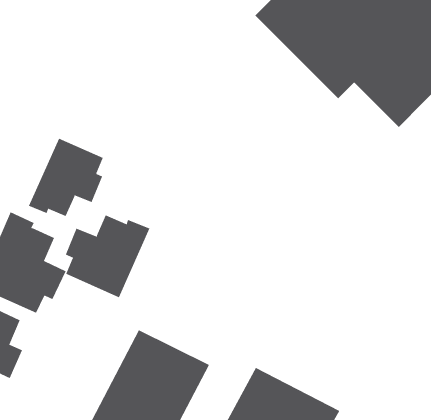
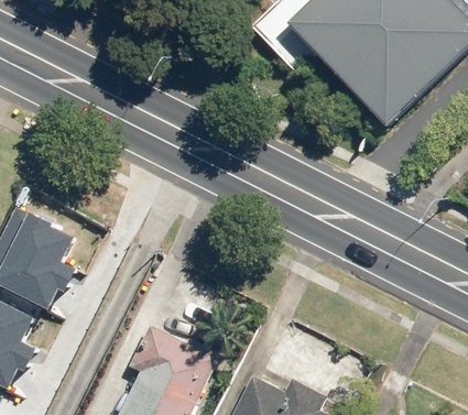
building: [28,138,104,217] -> none
building: [65,215,150,298] -> none

